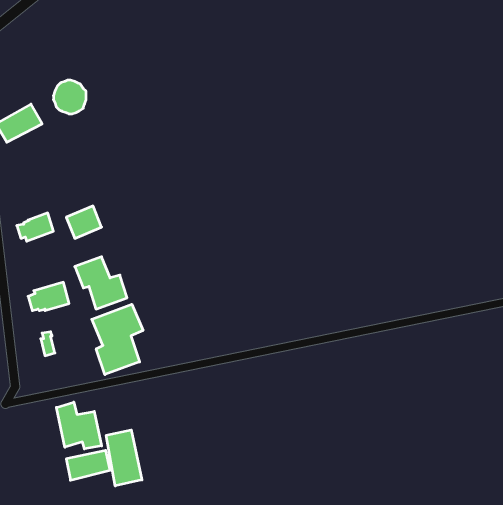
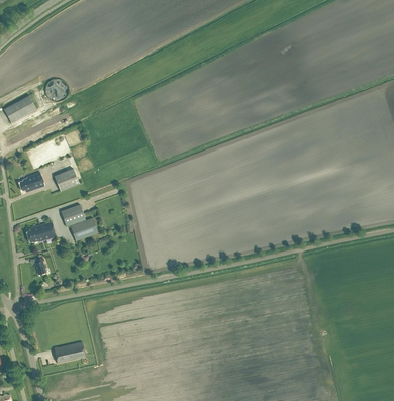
building: [92,304,143,375] -> none
building: [56,402,102,449] -> none
building: [106,430,142,486] -> none

